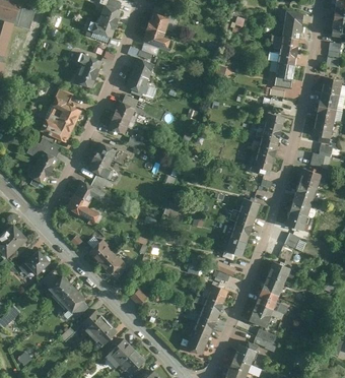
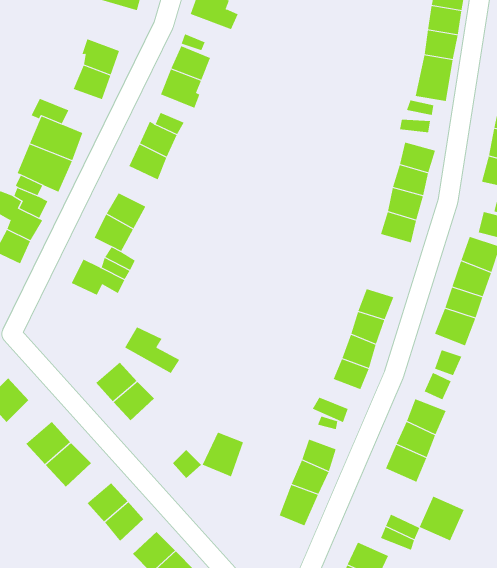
building: [66,194,98,222] -> [124,327,180,374]
building: [248,302,274,328] -> [419,496,464,541]
building: [185,329,209,356] -> [202,432,244,477]

